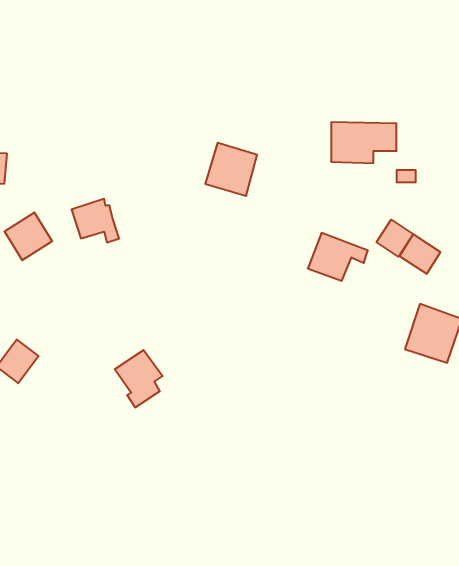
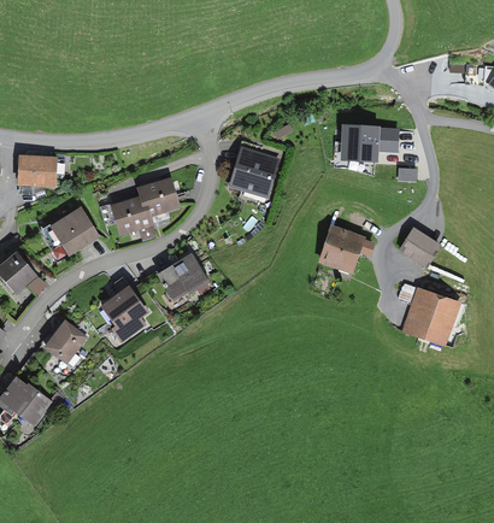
building: none -> [137,177,177,213]
building: [377,220,413,257] -> none
building: none -> [159,254,205,295]
building: [115,350,163,407] -> [102,287,145,337]

